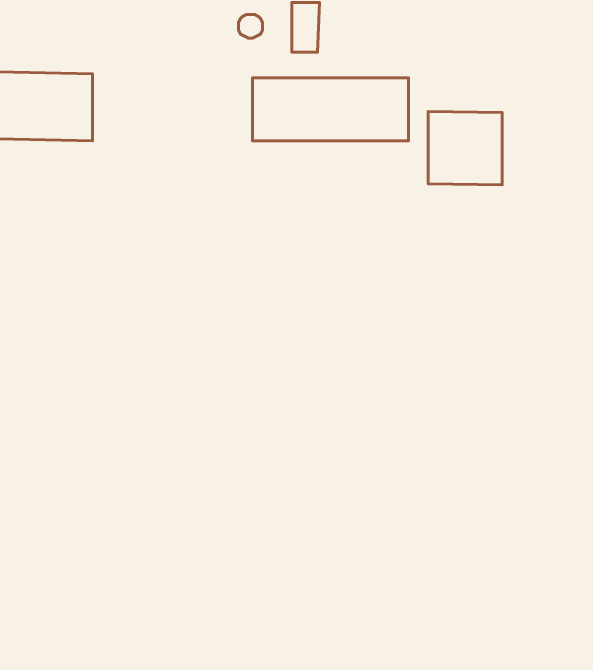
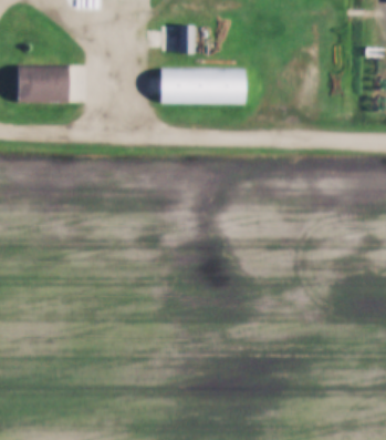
building: [428,112,502,185] -> none

